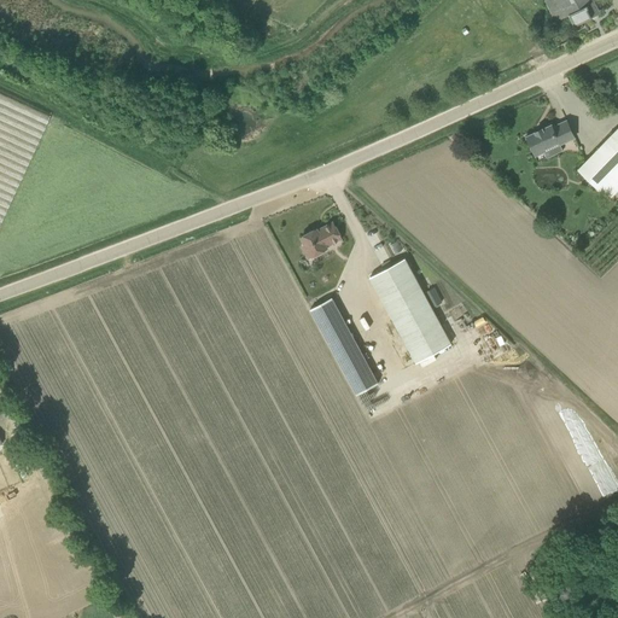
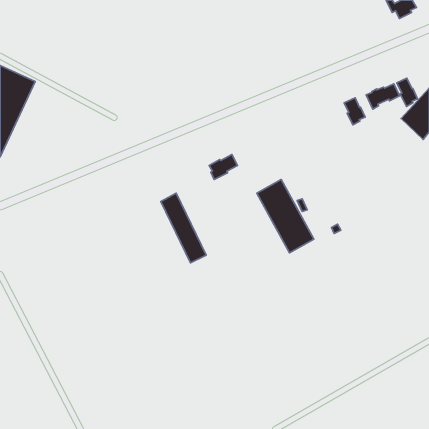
building: none -> [397,78,418,106]
building: none -> [344,98,365,125]
building: [309,295,374,395] -> [161,193,206,263]

